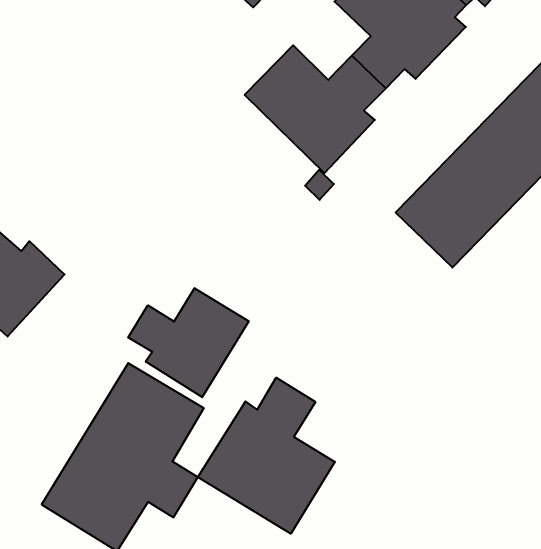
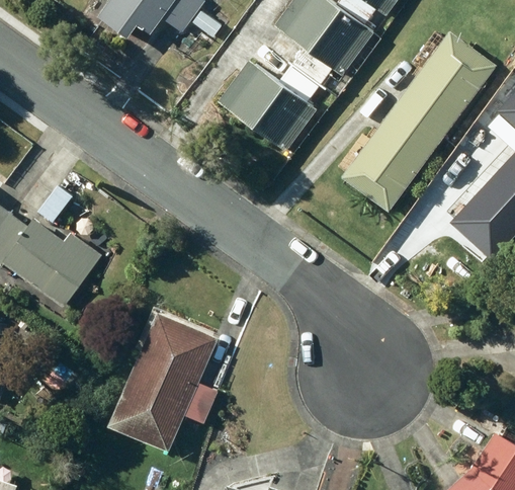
building: [128,288,249,397] -> none
building: [198,378,335,534] -> none

